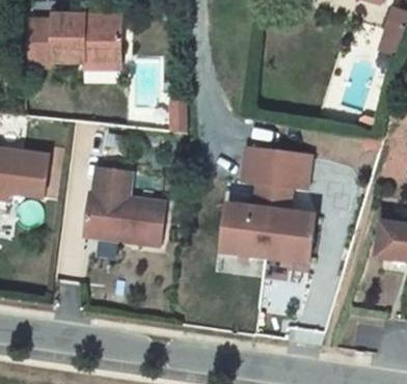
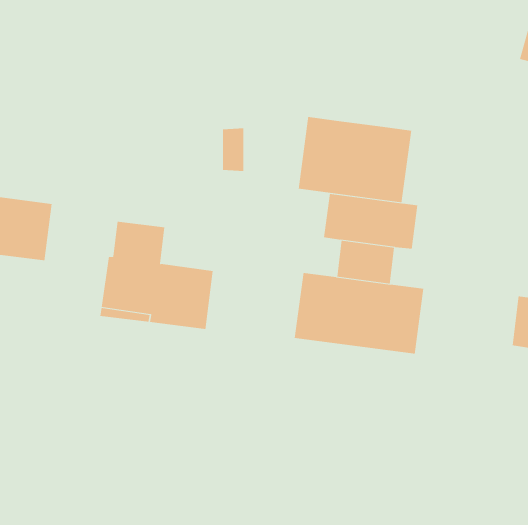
building: [26,16,120,64] -> none
building: none -> [298,116,412,203]

